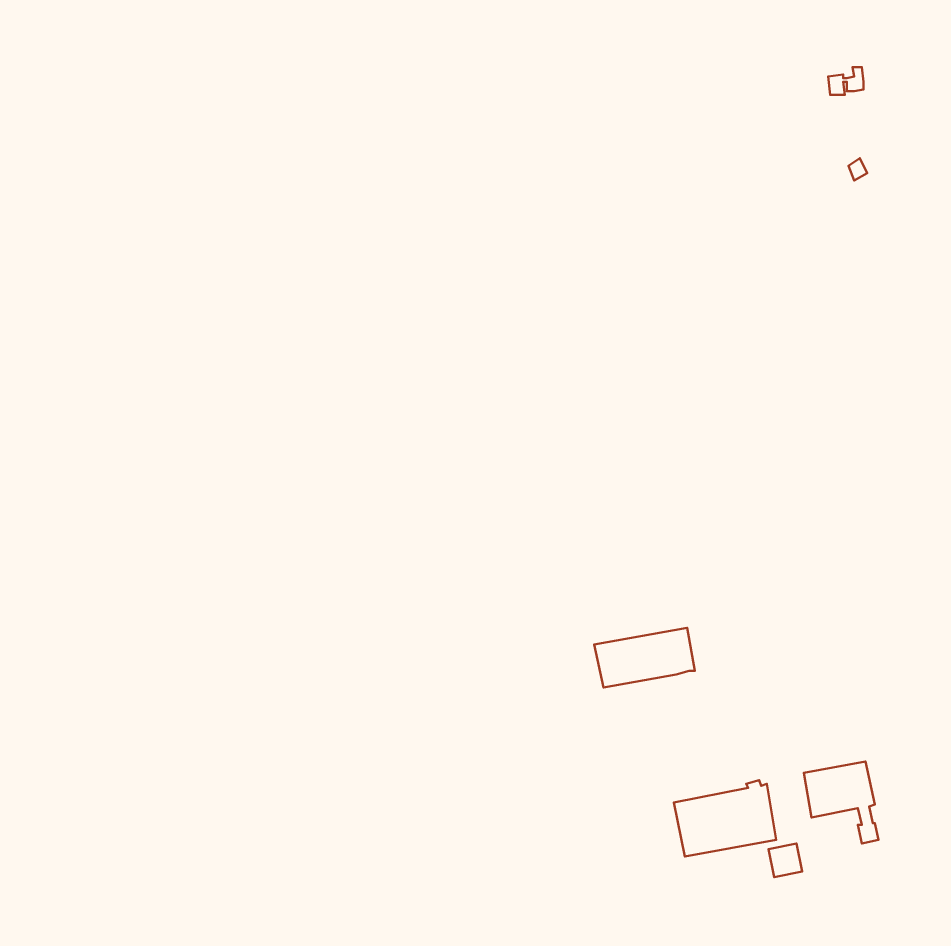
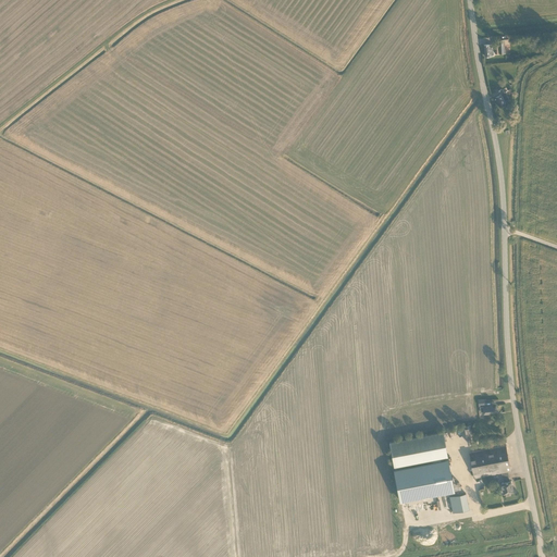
building: [594,628,695,687] -> [388,434,447,469]

